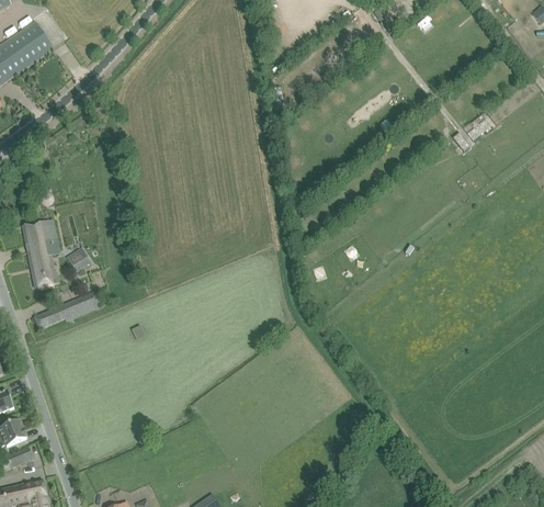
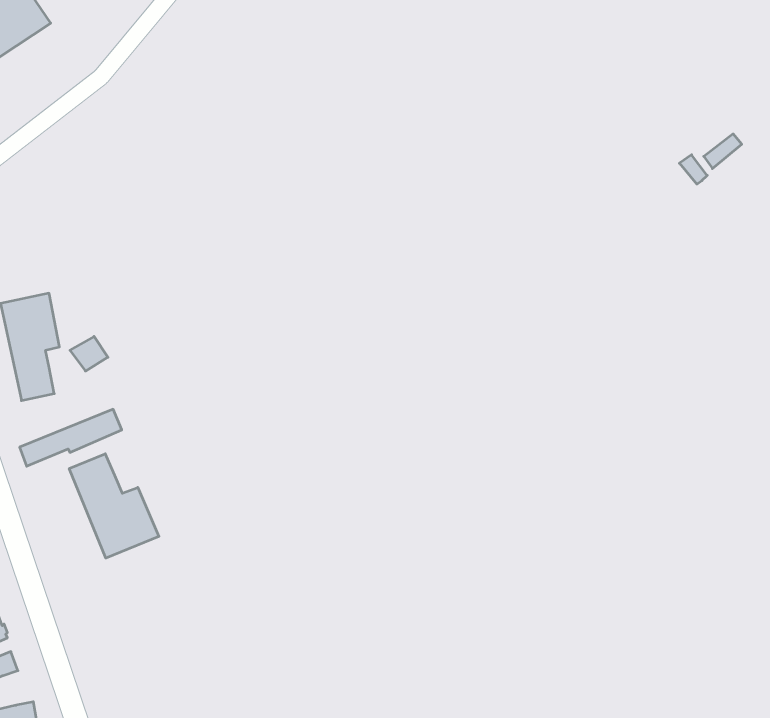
building: none -> [69,454,159,558]

